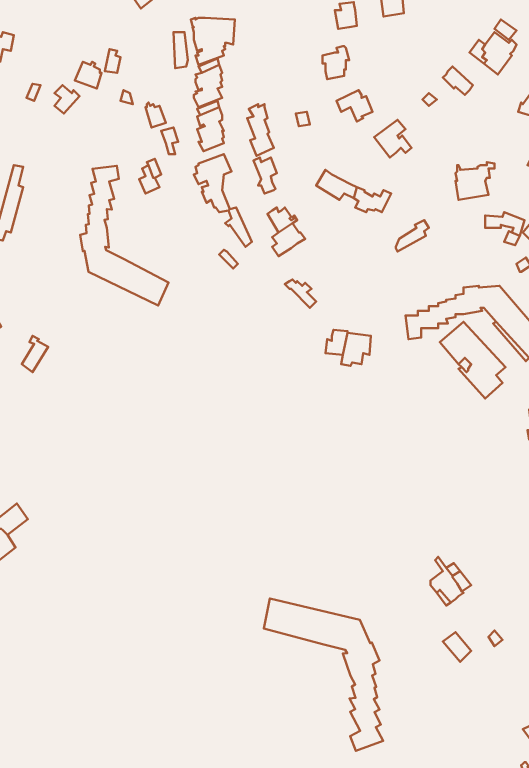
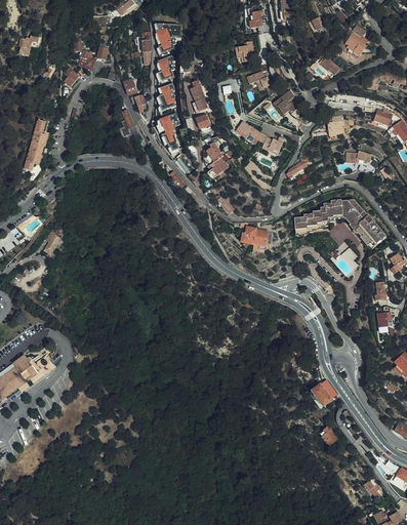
building: [80,166,169,306] -> none
building: [264,599,383,751] -> none

